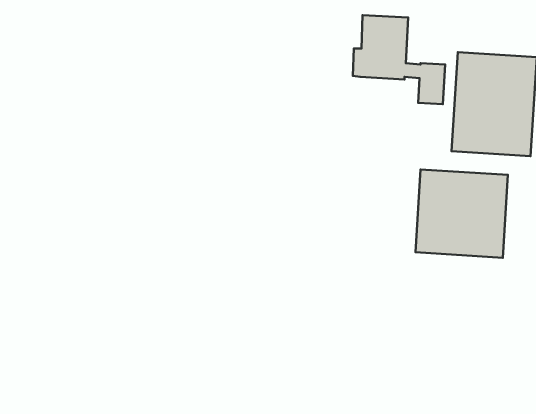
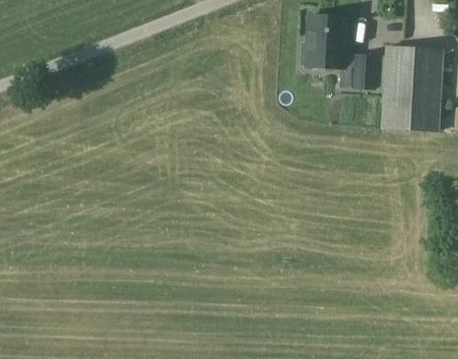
building: [415,169,508,258] -> none

